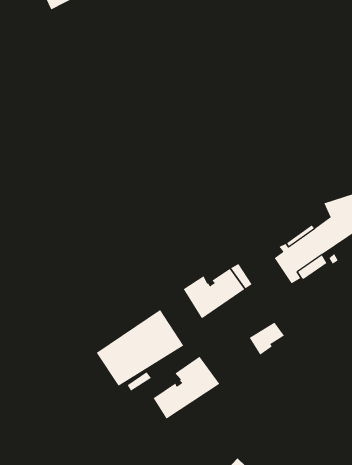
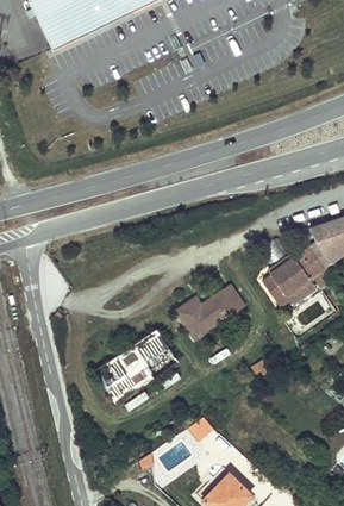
building: [153,356,220,420] -> none

